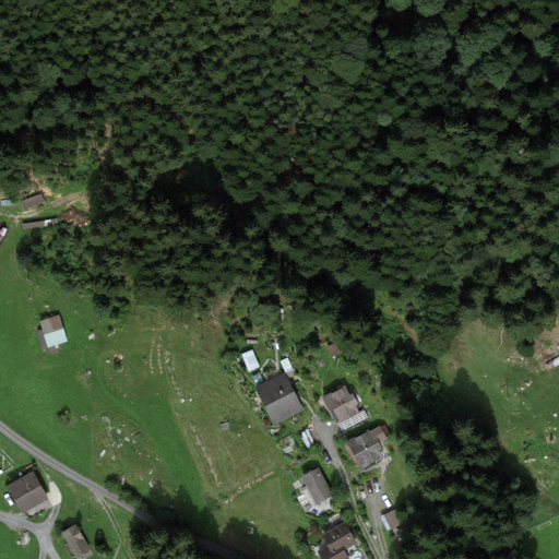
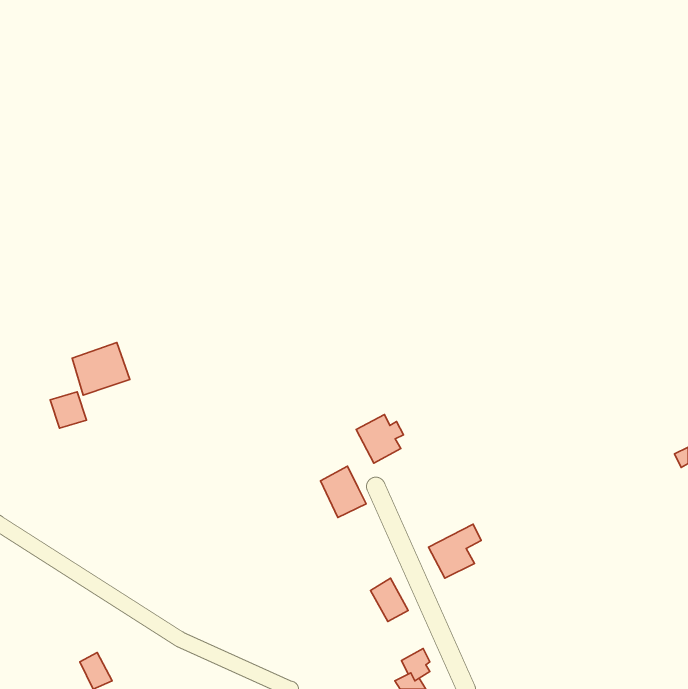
building: none -> [72,343,130,395]
building: [321,384,359,424] -> [356,415,403,463]
building: [5,474,48,515] -> none

